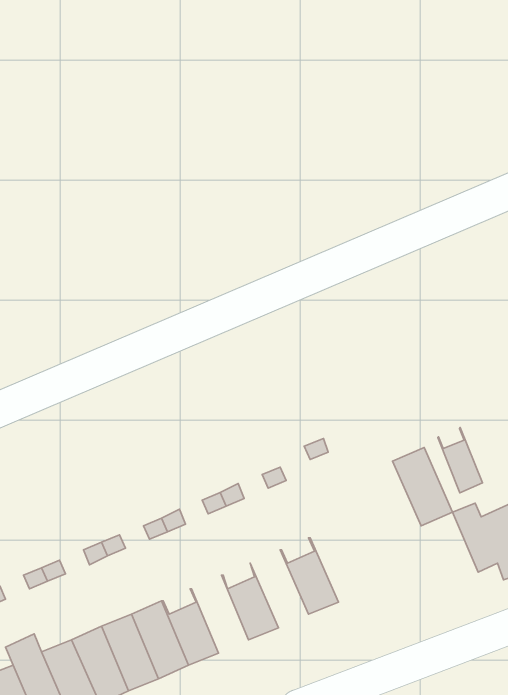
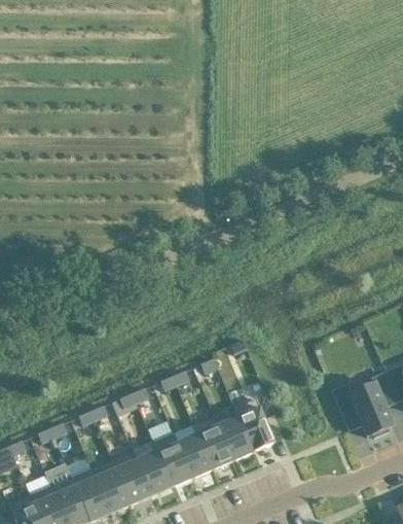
building: [438,428,482,493] -> none
building: [393,448,453,526] -> [234,398,276,452]
building: none -> [193,416,233,469]
building: none -> [149,424,192,487]

